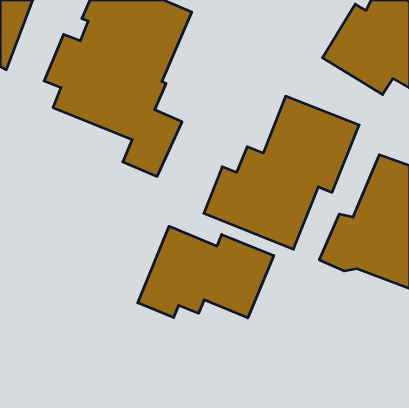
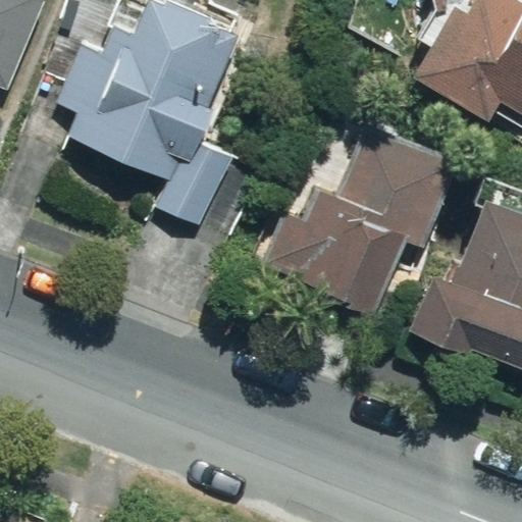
building: [138,226,274,318] -> none

